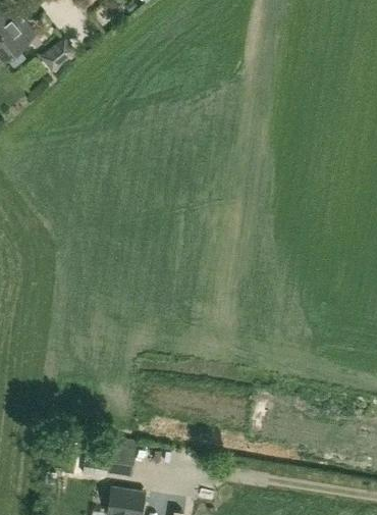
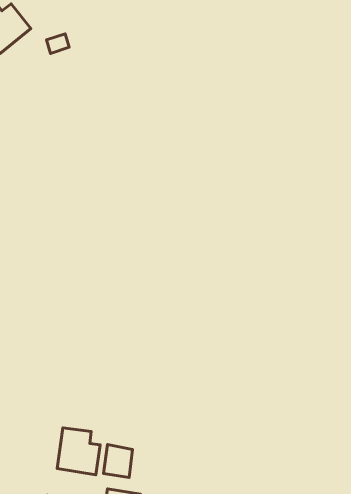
building: none -> [57,428,100,475]

